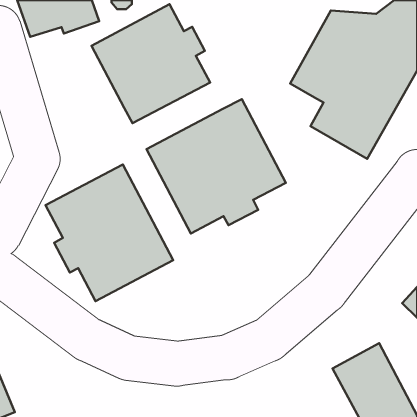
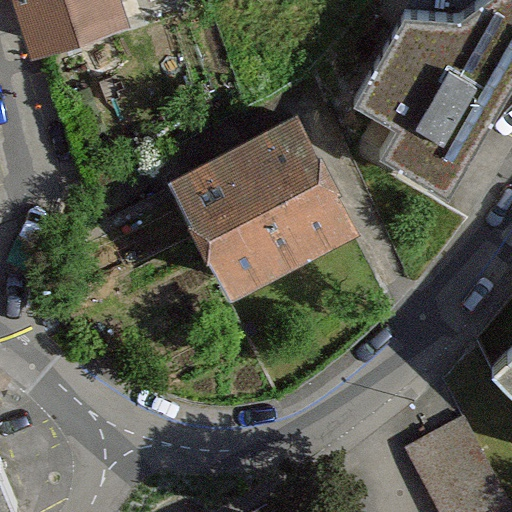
building: [91,4,210,123] -> none
building: [46,165,173,301] -> none

